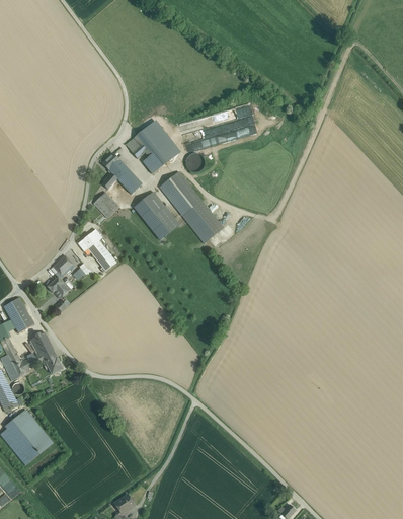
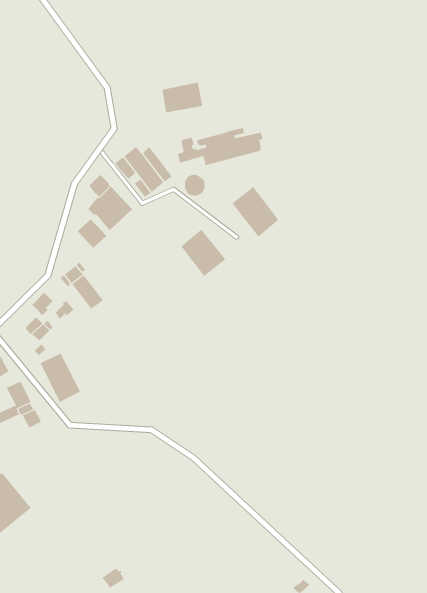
building: none -> [162,82,203,113]
building: [159,170,200,215] -> [231,186,279,237]
building: [134,191,178,239] -> none
building: none -> [40,353,81,403]

